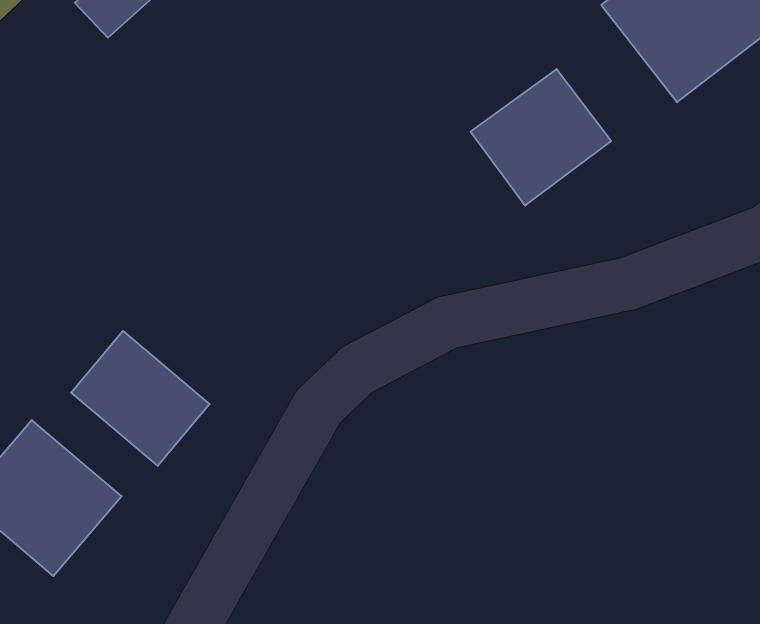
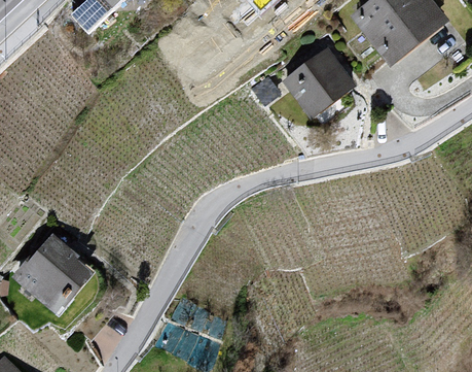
building: [71,331,210,466] -> none

